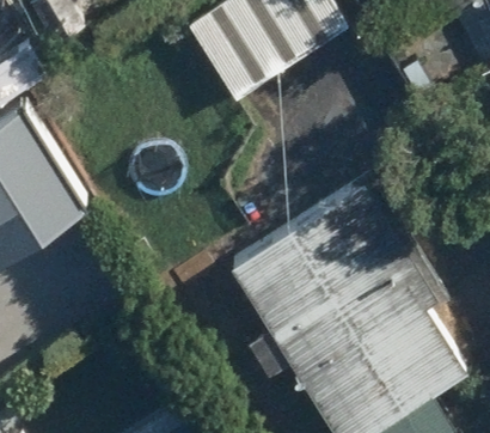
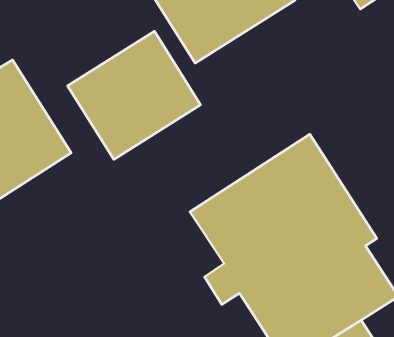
building: none -> [68,31,201,159]

